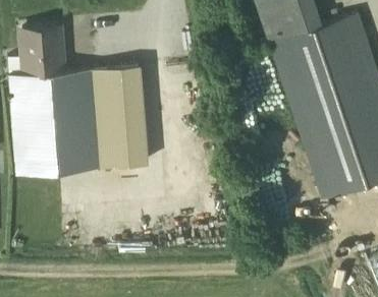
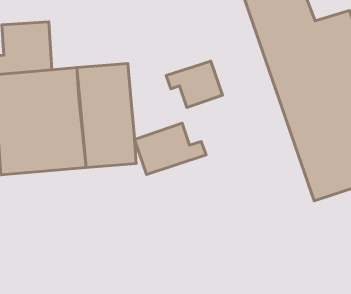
building: none -> [166,61,223,107]
building: none -> [134,123,206,174]

